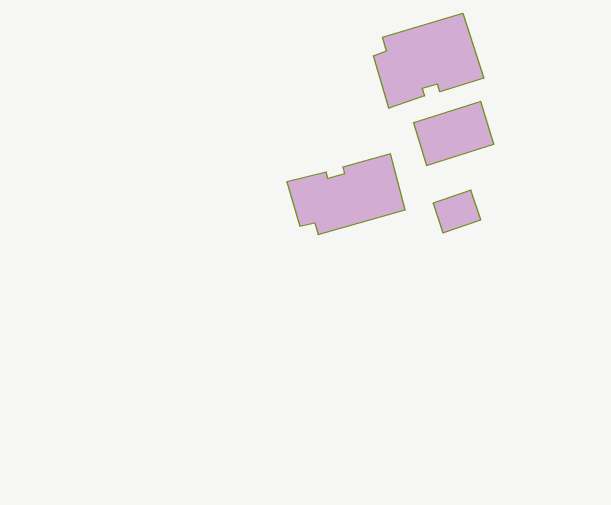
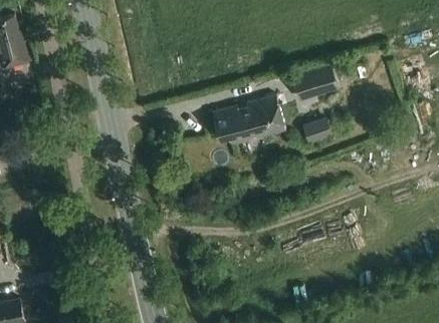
building: [373,13,484,108] -> none

